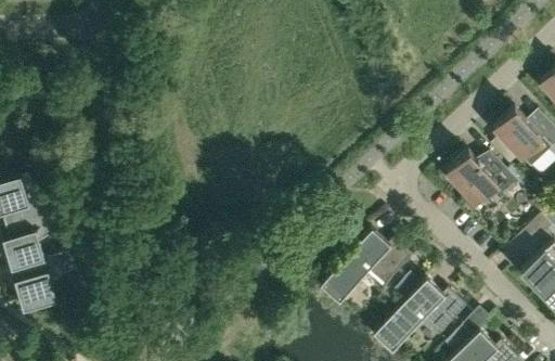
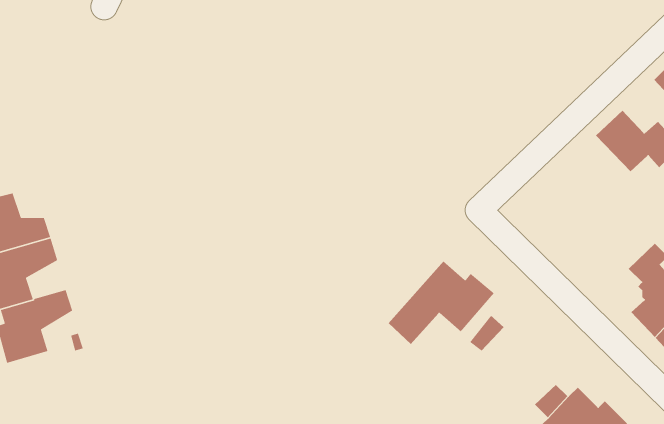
building: [446,153,517,203] -> none
building: [379,279,466,345] -> none

